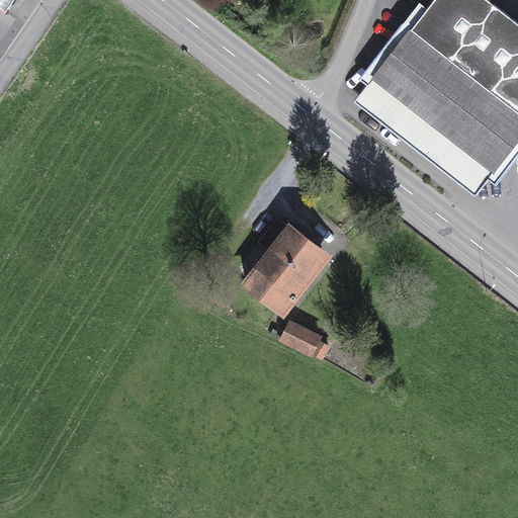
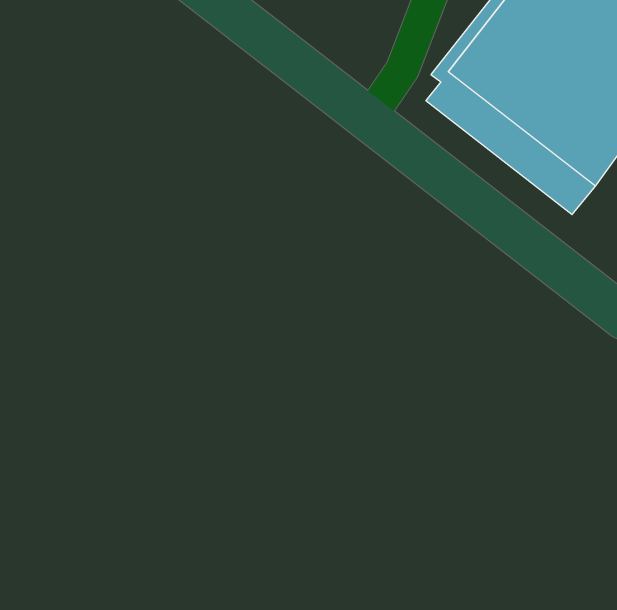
building: [248,219,329,312] -> none
building: [282,322,330,358] -> none

